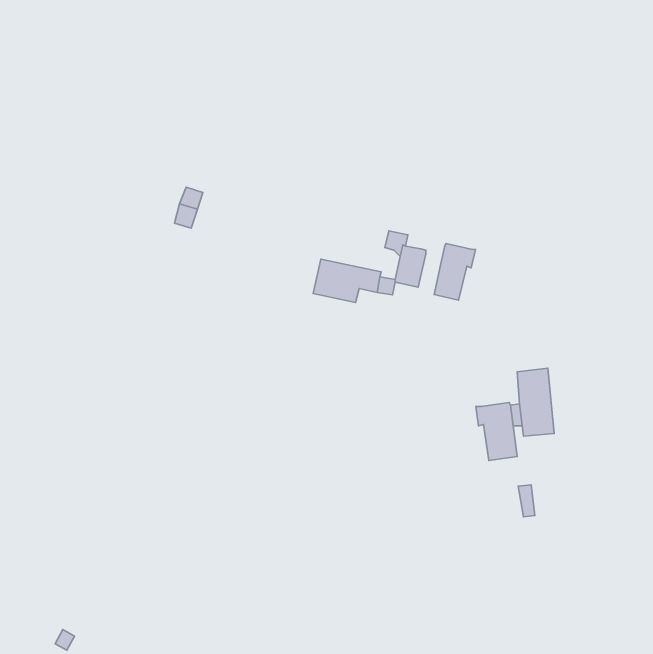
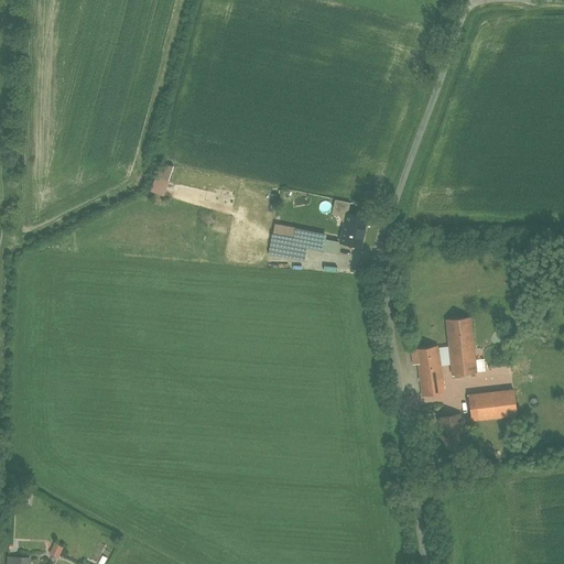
building: [434,243,475,300] -> none
building: none -> [468,389,518,421]

